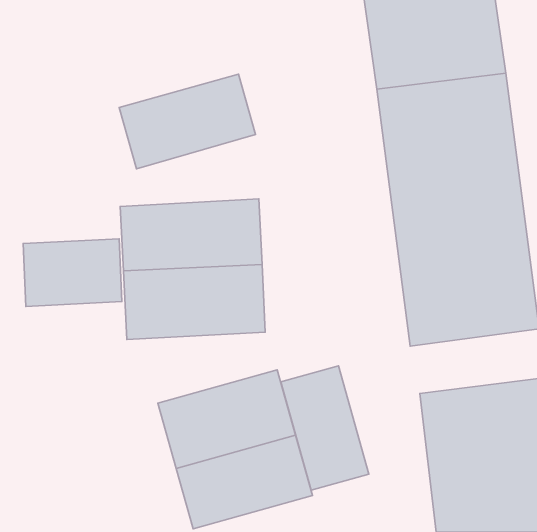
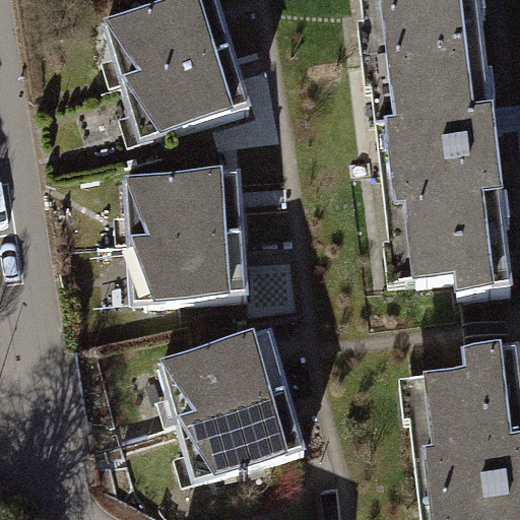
building: none -> [107,8,237,102]
building: [23,239,122,306] -> none
building: [281,366,369,490] -> none

